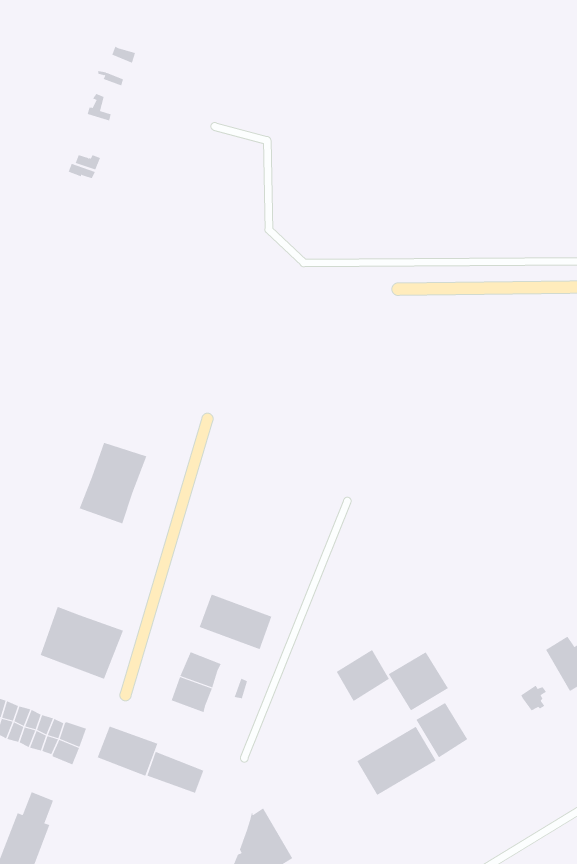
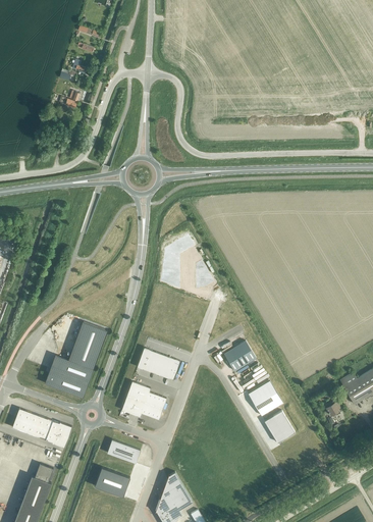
building: [79,442,147,524] -> [68,321,108,369]
building: [336,649,390,702] -> [224,341,256,371]
building: [357,726,436,796] -> none
building: [97,726,158,777] -> [95,468,130,498]

